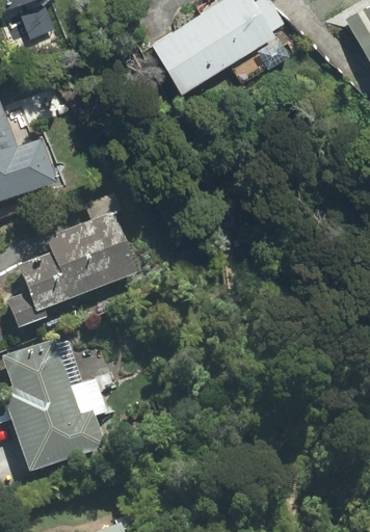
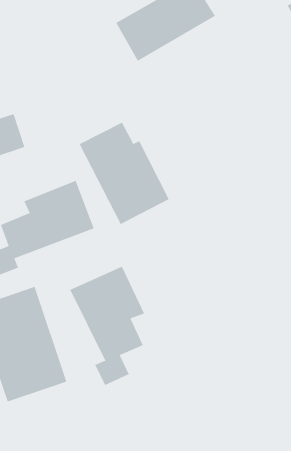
building: none -> [79,122,170,225]
building: none -> [69,266,145,386]

